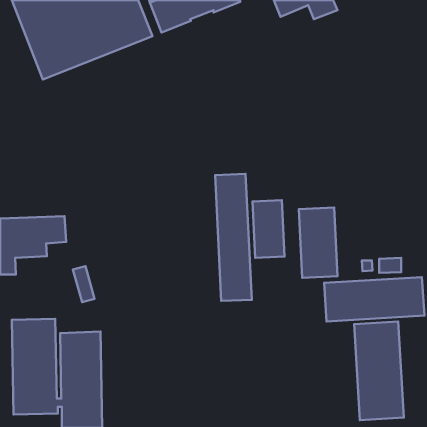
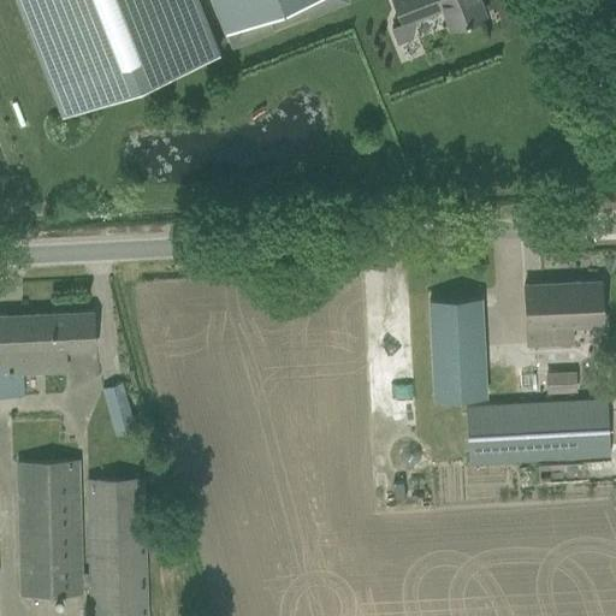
building: [215,174,252,301] -> none
building: none -> [526,283,604,340]
building: [253,200,285,258] -> none
building: [354,322,404,420] -> none

